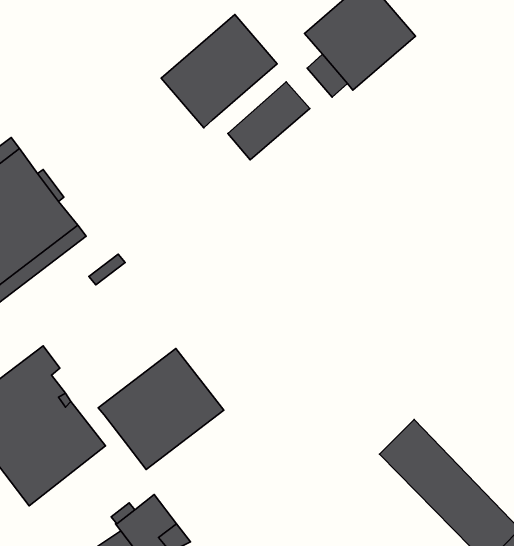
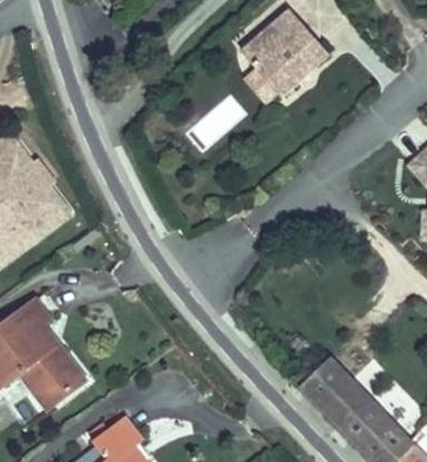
building: [161,14,277,128] -> none
building: [98,348,224,470] -> none

